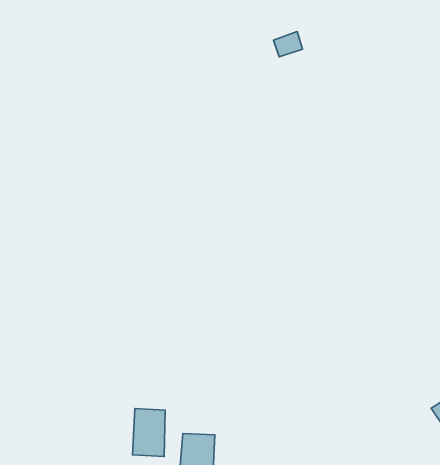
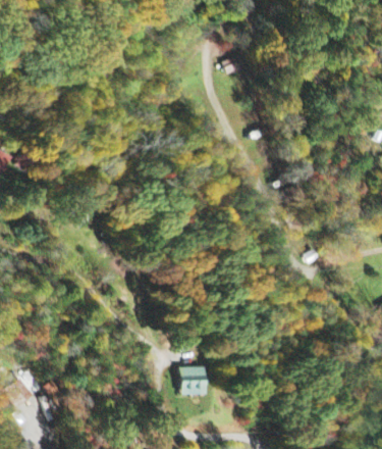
building: [133,408,165,456] -> none

